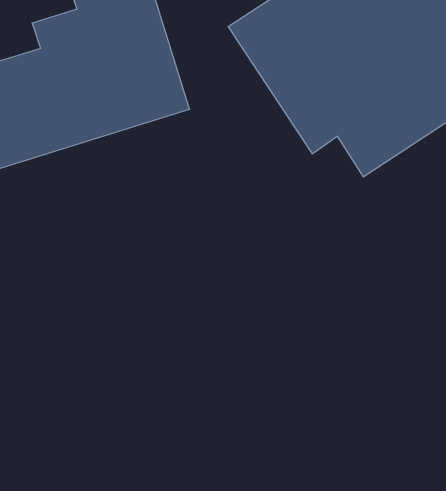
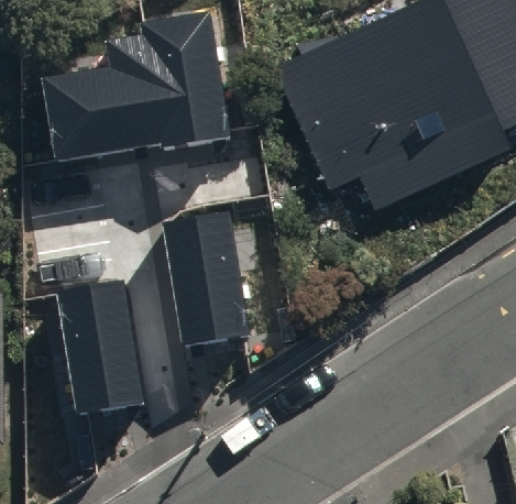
building: none -> [163,210,245,342]
building: none -> [58,280,144,413]

